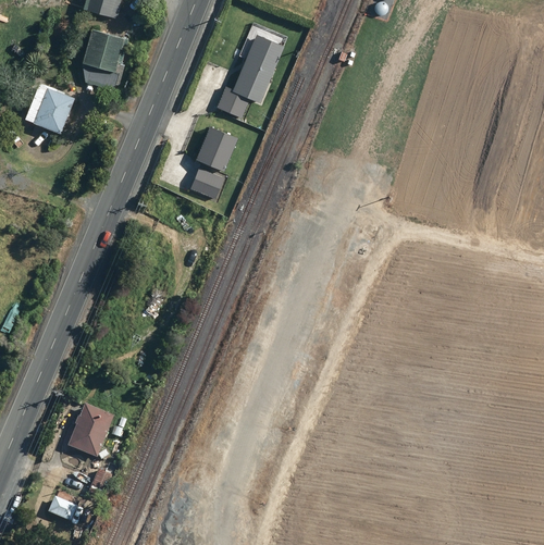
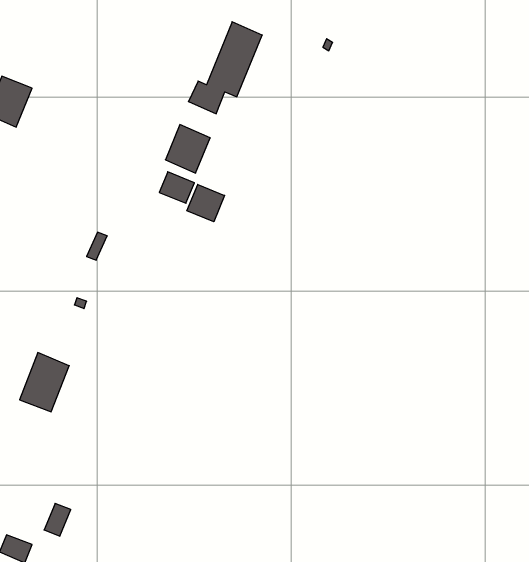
building: [83,25,126,87] -> none
building: none -> [187,184,225,222]
building: [67,404,112,457] -> [20,353,69,412]

